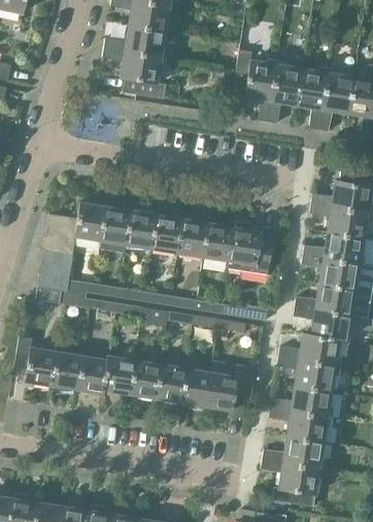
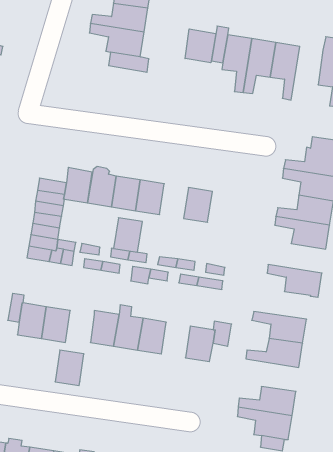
building: none -> [185,29,216,63]
building: [320,73,354,132] -> none
building: [179,221,210,258] -> [114,218,142,252]
building: [229,223,275,275] -> none
building: [296,285,358,317] -> none
building: [280,334,341,366] -> none
building: [78,357,109,395] -> [55,350,84,386]
building: [181,369,212,407] -> none
building: [270,409,329,444] -> none

